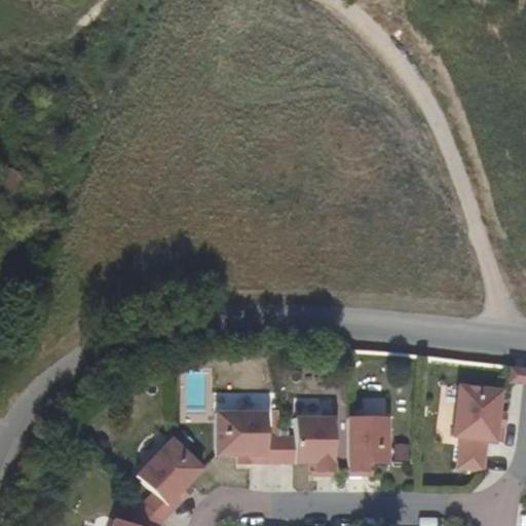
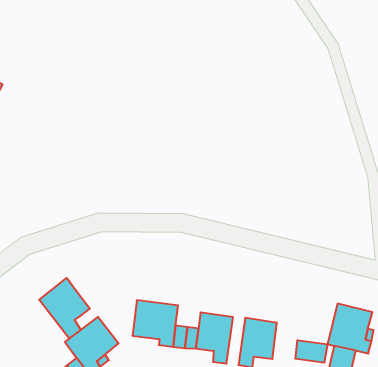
building: none -> [39,278,90,339]
building: none -> [295,340,327,363]

